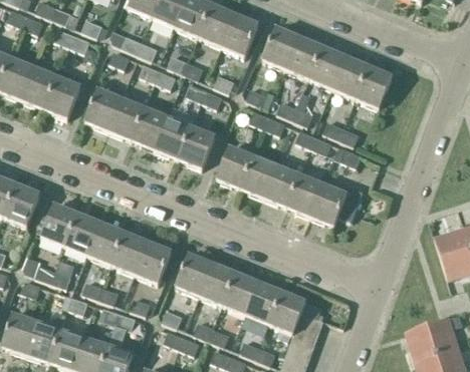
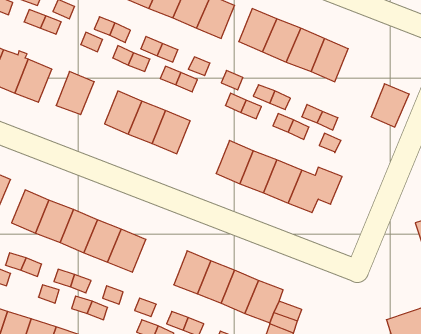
building: [356,66,393,108] -> [371,84,409,127]
building: [108,98,145,139] -> none
building: [216,146,253,188] -> none
building: [175,254,212,296] -> none

